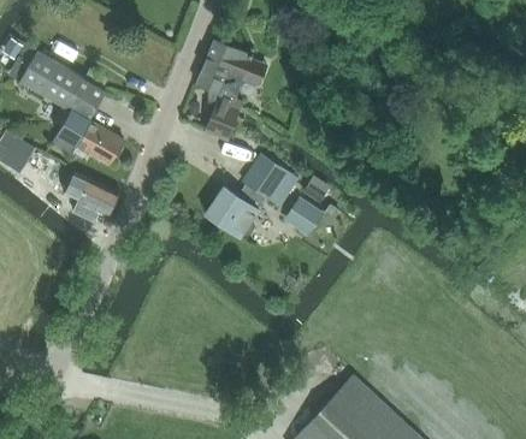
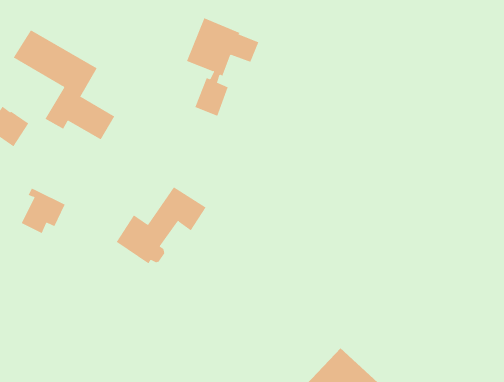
building: [206,158,299,237] -> [116,186,207,264]
building: [72,176,118,223] -> [21,188,66,234]
building: [284,196,325,237] -> none

